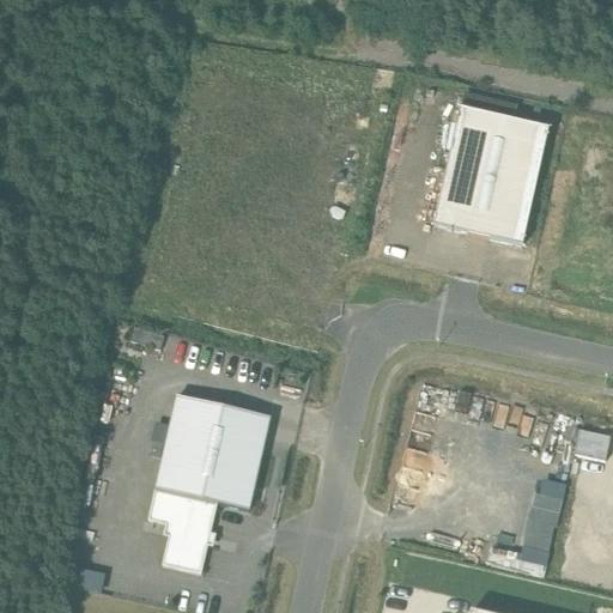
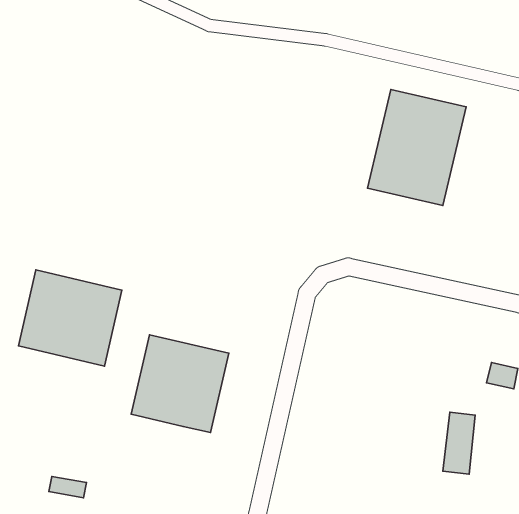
building: none -> [18,270,122,366]
building: [150,487,217,570] -> none

